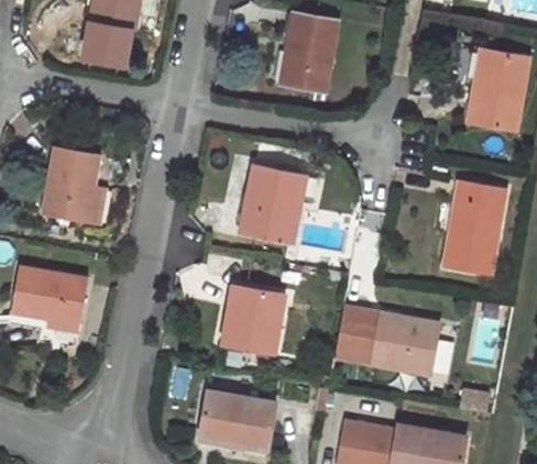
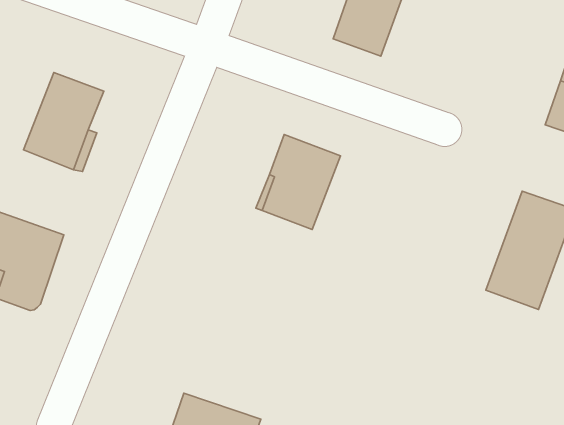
building: [224,285,284,351] -> none
building: [335,308,438,372] -> none

